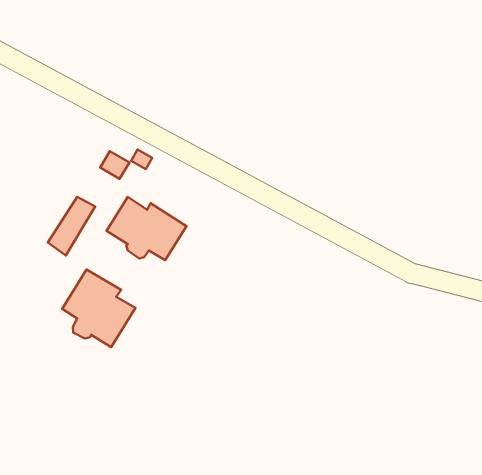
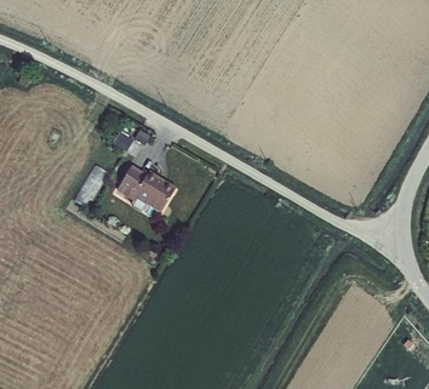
building: [62,269,136,347] -> none

